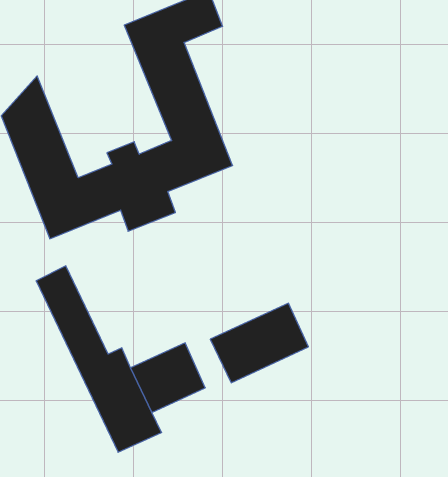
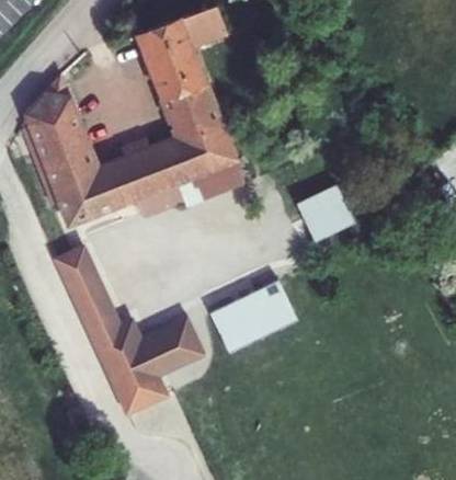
building: none -> [173,160,240,207]
building: none -> [294,186,351,243]

